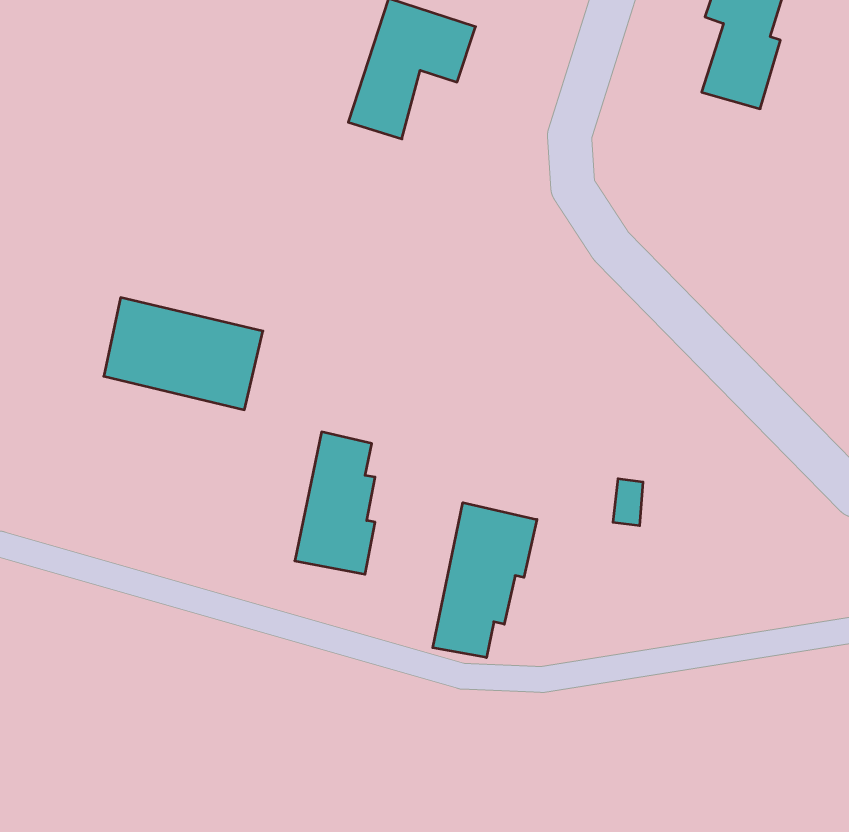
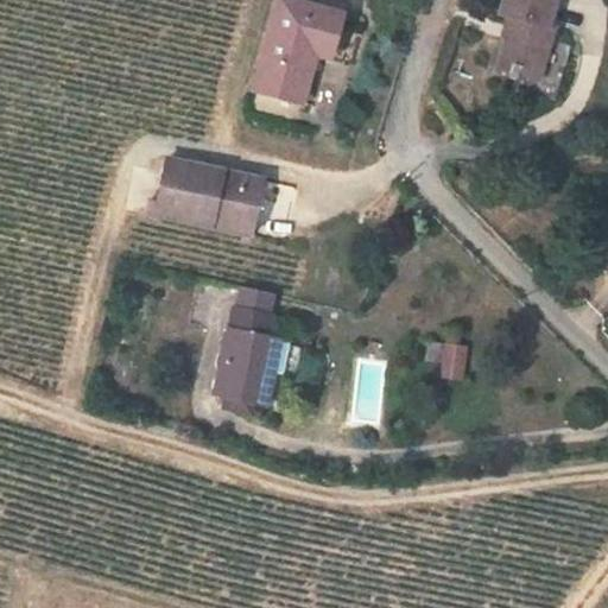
building: [104,298,263,410] -> [140,156,253,235]
building: [433,503,537,658] -> none

